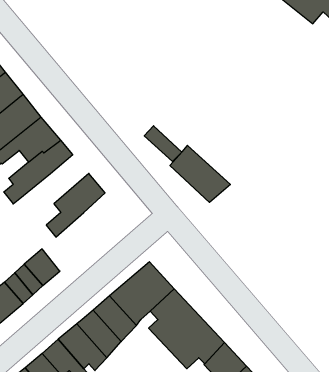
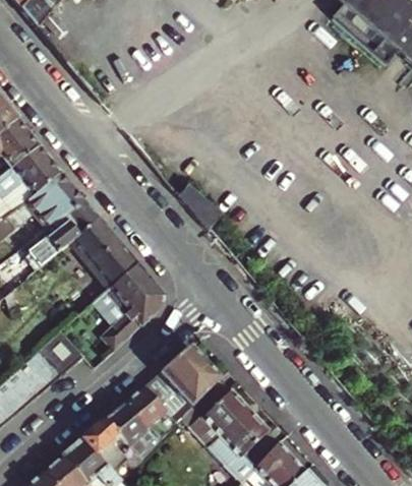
building: [170,145,230,202] -> none
building: none -> [64,217,118,276]
building: none -> [87,262,164,358]

